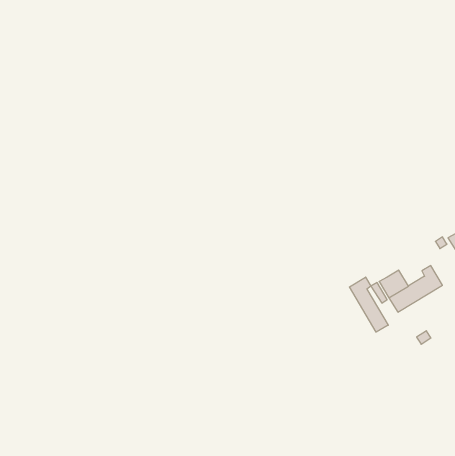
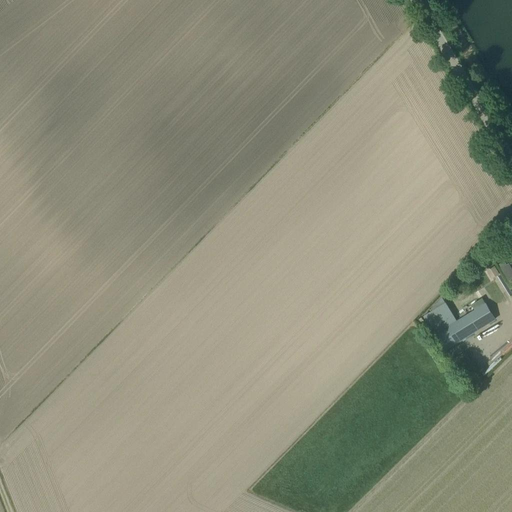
building: [349,277,388,332] -> none

